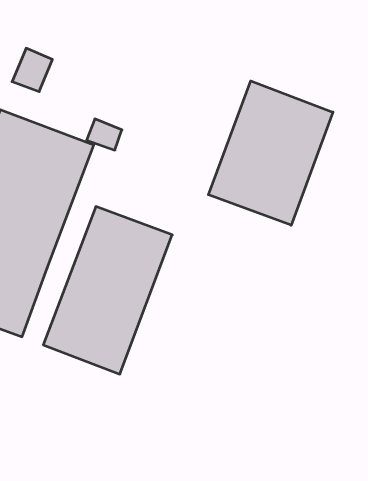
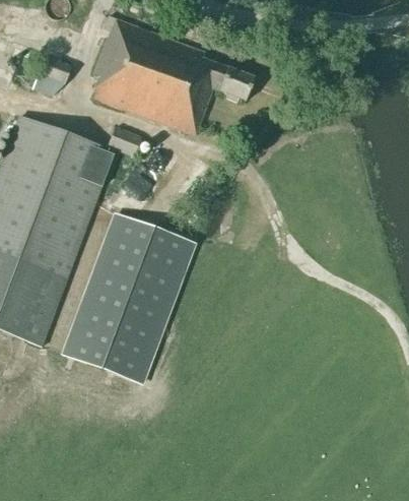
building: none -> [91,15,254,135]
building: [208,81,333,225] -> none

